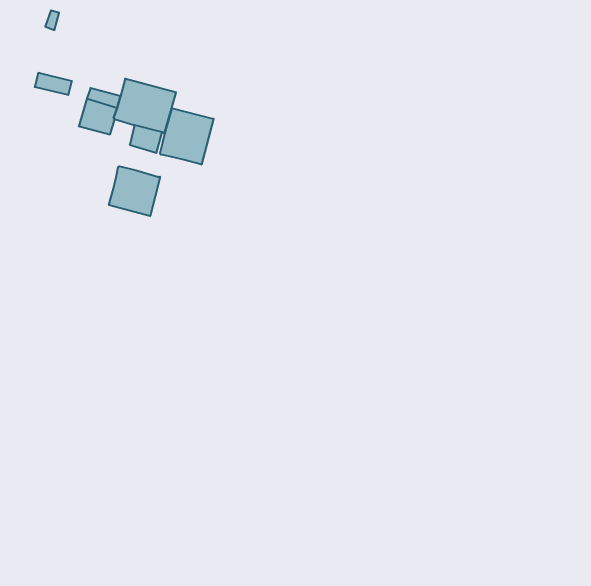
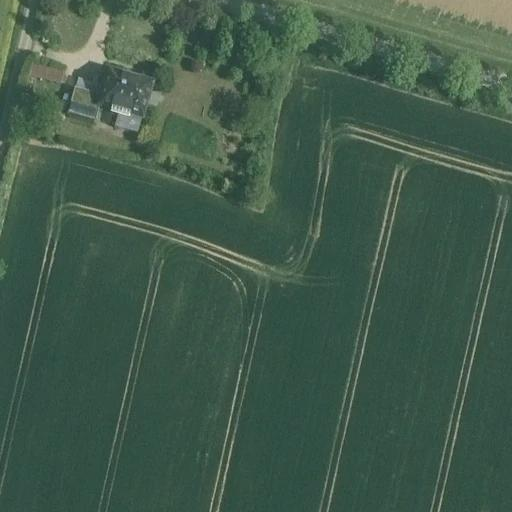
building: [160,108,214,165] -> none
building: [109,166,160,216] -> none

